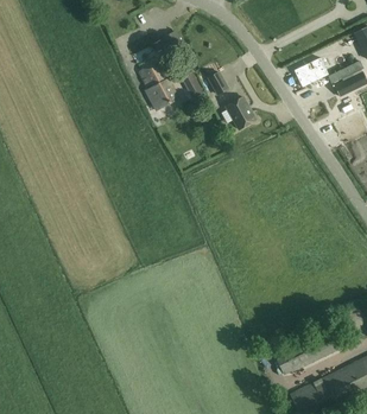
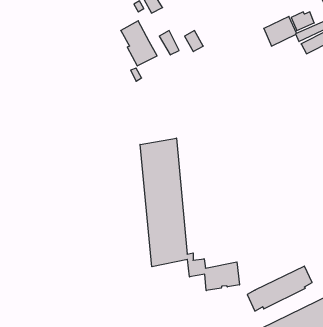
building: [226,96,255,128] -> none
building: none -> [140,138,239,291]

